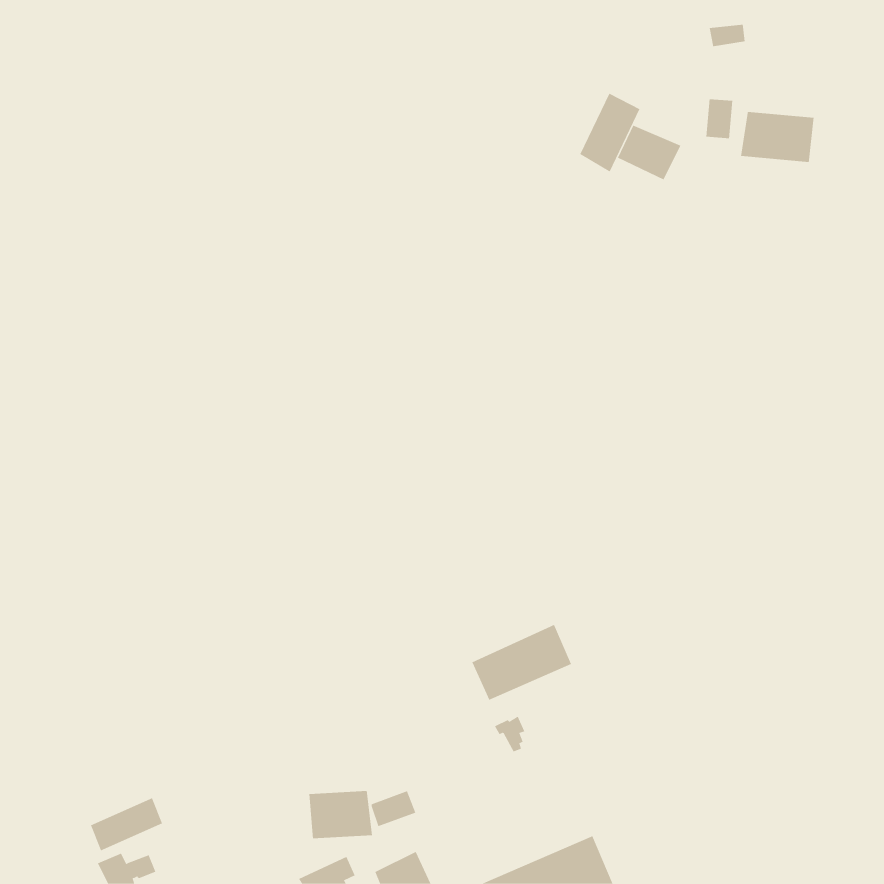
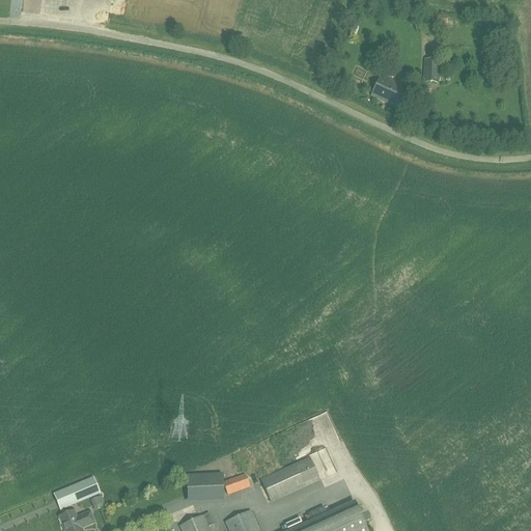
building: [579,93,640,172] -> none
building: [741,111,814,163] -> none
building: [471,624,572,700] -> [259,456,319,502]

